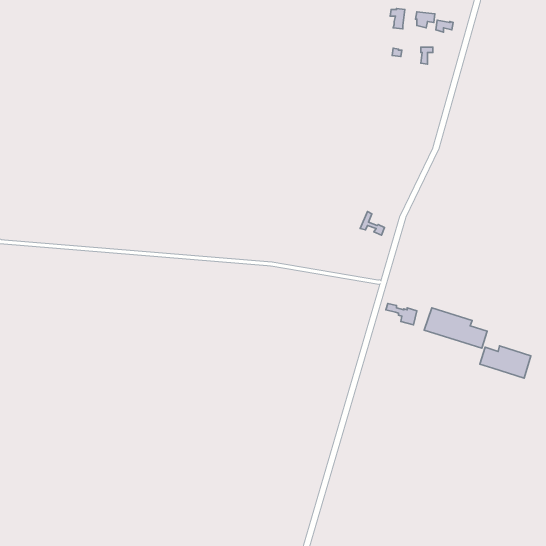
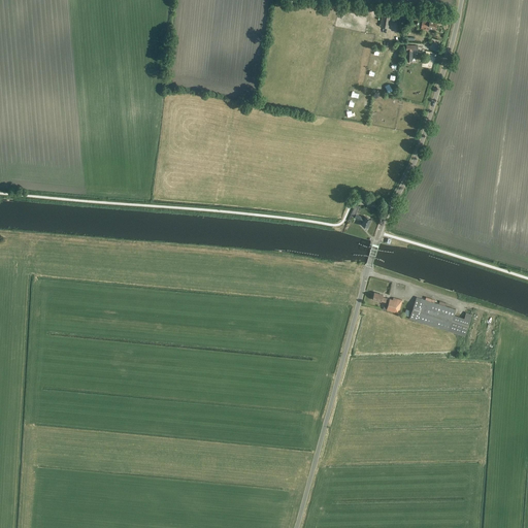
building: [480,346,531,378] -> none

